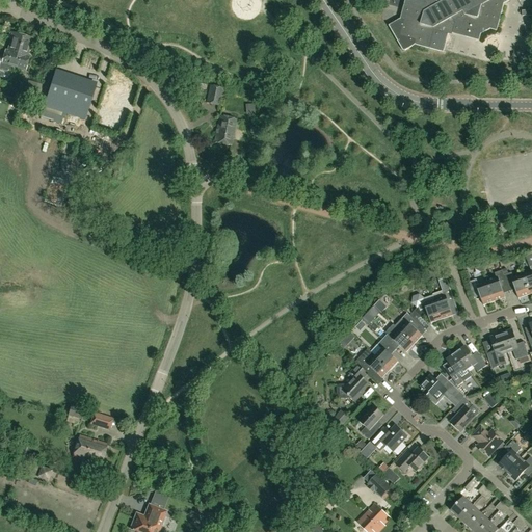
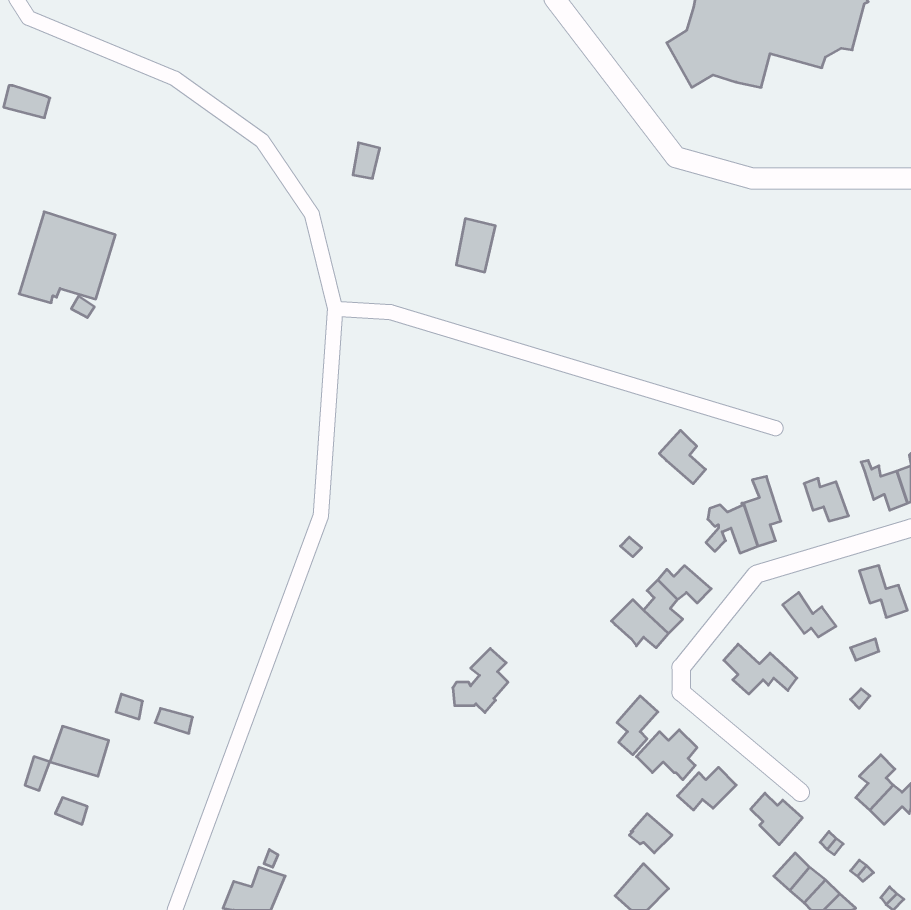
building: [7,31,32,56] -> none
building: [41,69,97,122] -> [19,212,115,303]
building: [214,114,237,145] -> [456,219,495,272]
building: [487,269,509,300] -> none
building: [395,312,422,343] -> [659,430,706,484]
building: [488,332,507,367] -> none
building: [445,352,473,385] -> none
building: [337,364,369,401] -> [453,648,508,713]
building: [451,395,475,431] -> none
building: [473,426,503,456] -> [751,793,802,845]
building: [73,436,107,466] -> [50,726,109,776]

